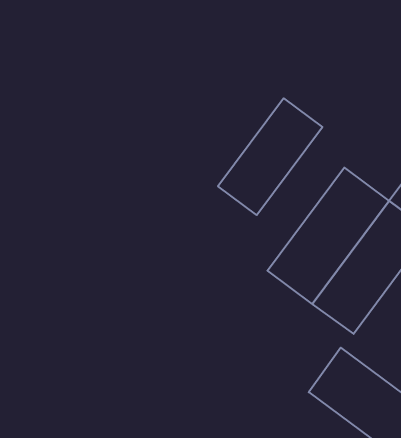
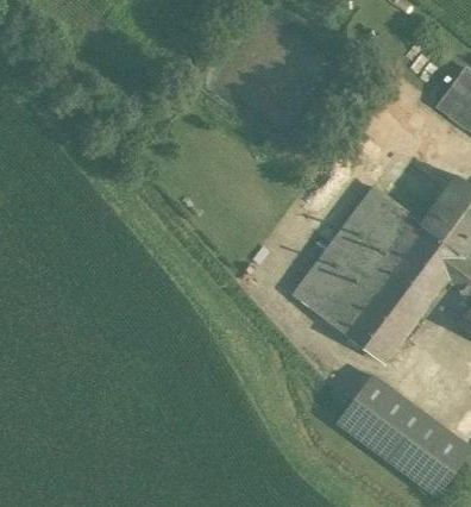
building: [218,98,322,215] -> none

